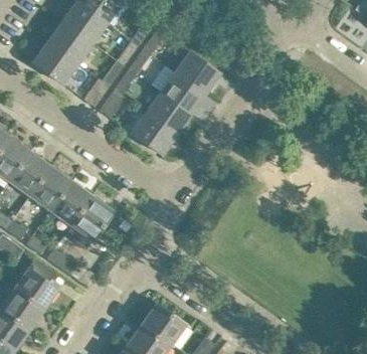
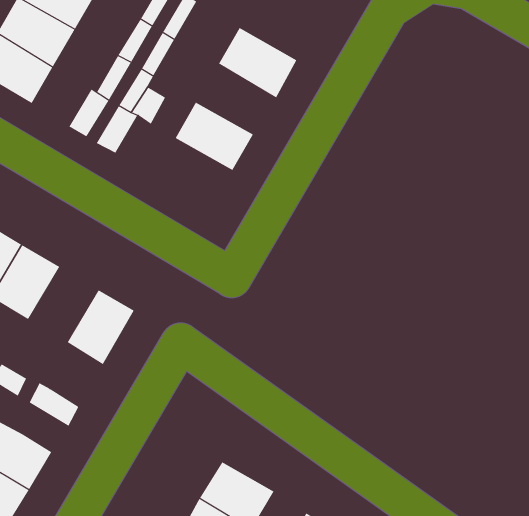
building: [159,71,206,115] -> none
building: [130,113,177,156] -> none
building: [50,182,93,226] -> none

